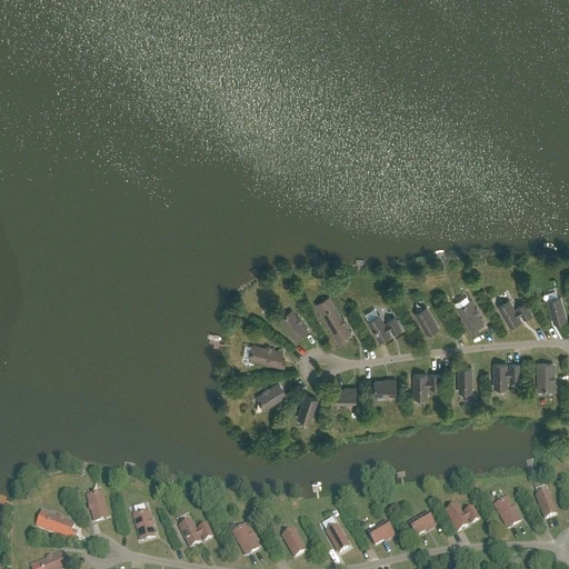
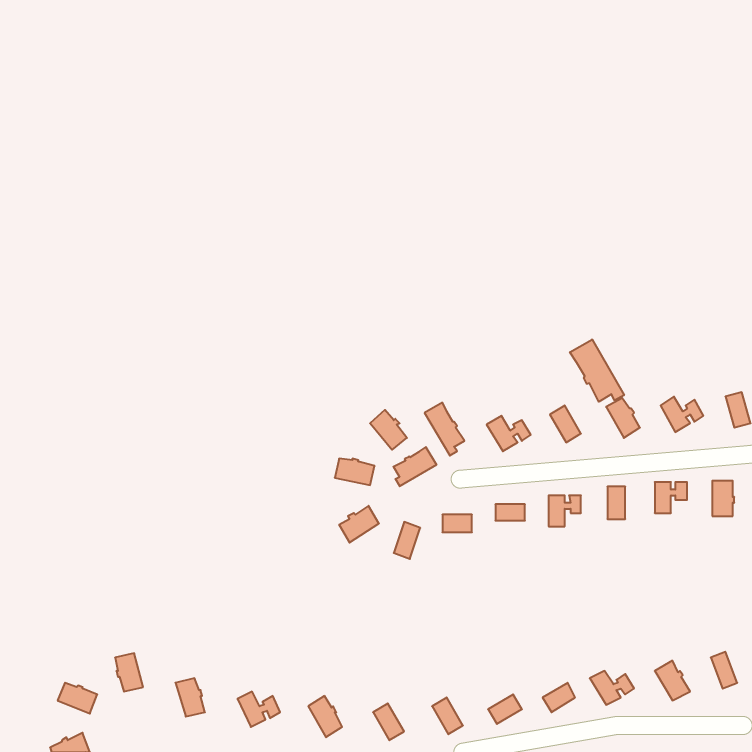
building: none -> [570,339,624,402]
building: none -> [393,447,436,486]

